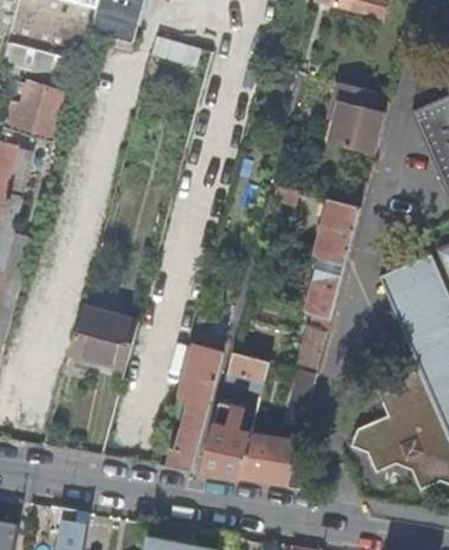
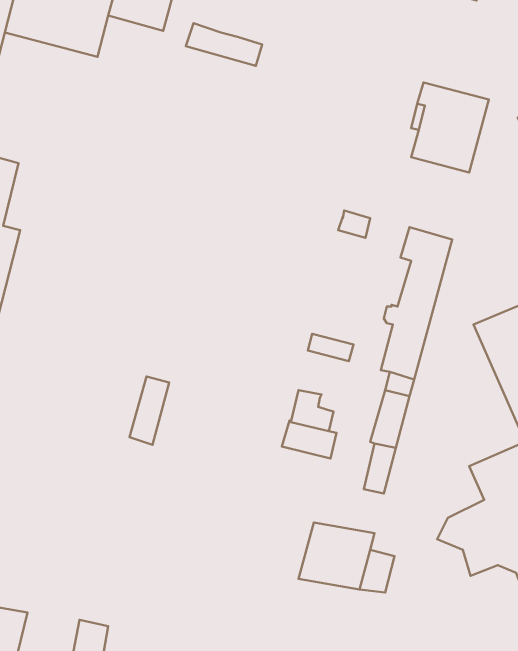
building: [13,81,63,141] -> none
building: [69,306,119,365] -> none
building: [166,332,226,470] -> none
building: [201,400,252,477] -> none

